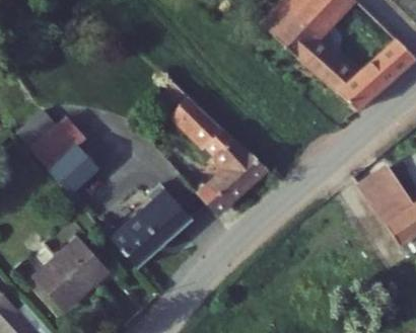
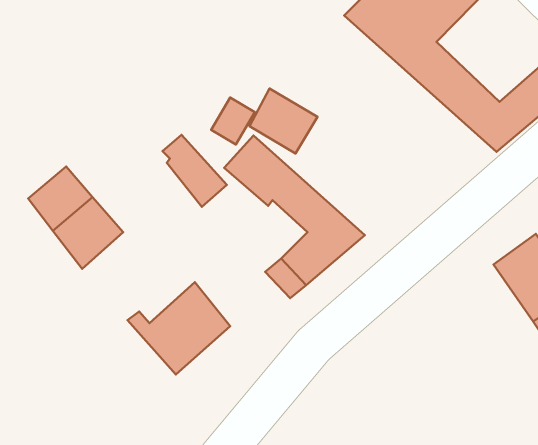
building: none -> [249,88,317,153]
building: [147,183,192,233] -> [162,135,227,207]
building: [33,238,110,311] -> none

